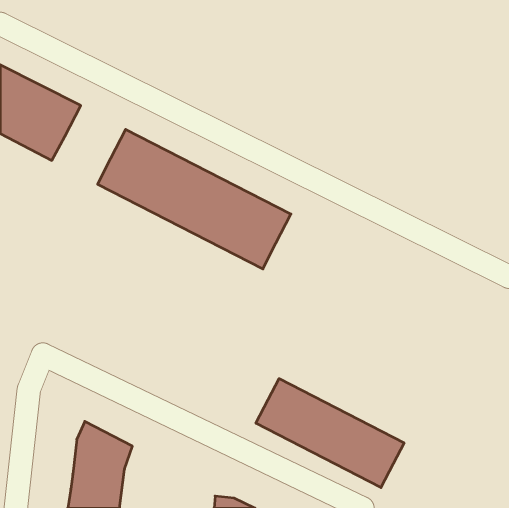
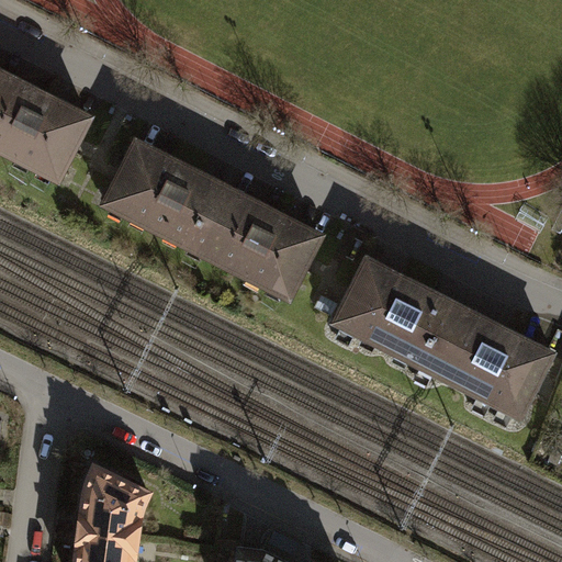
building: none -> [336,259,553,416]
building: [256,379,404,488] -> none

